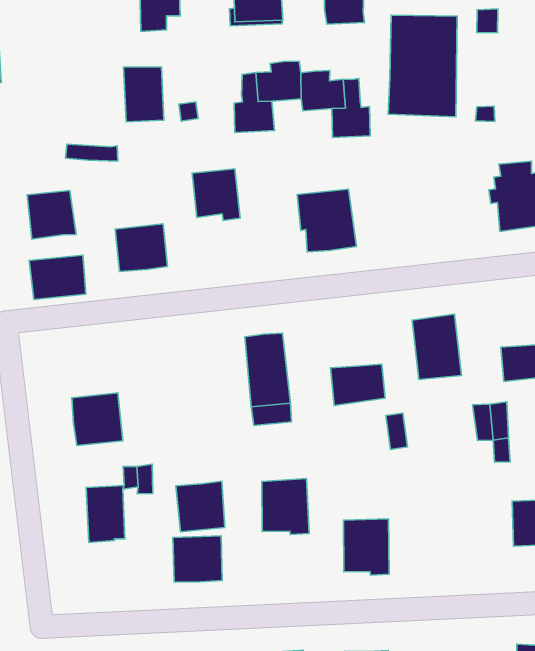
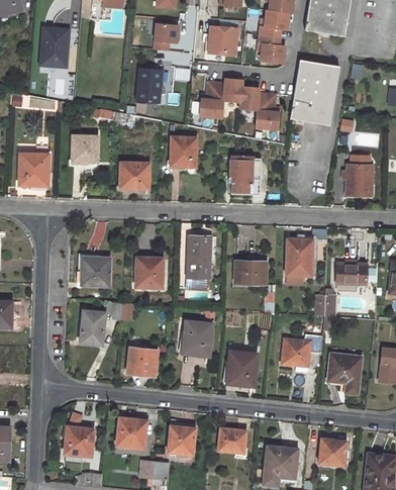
building: [29,255,86,300] -> none
building: none -> [281,334,322,366]
building: [176,481,225,532] -> [134,259,163,287]

